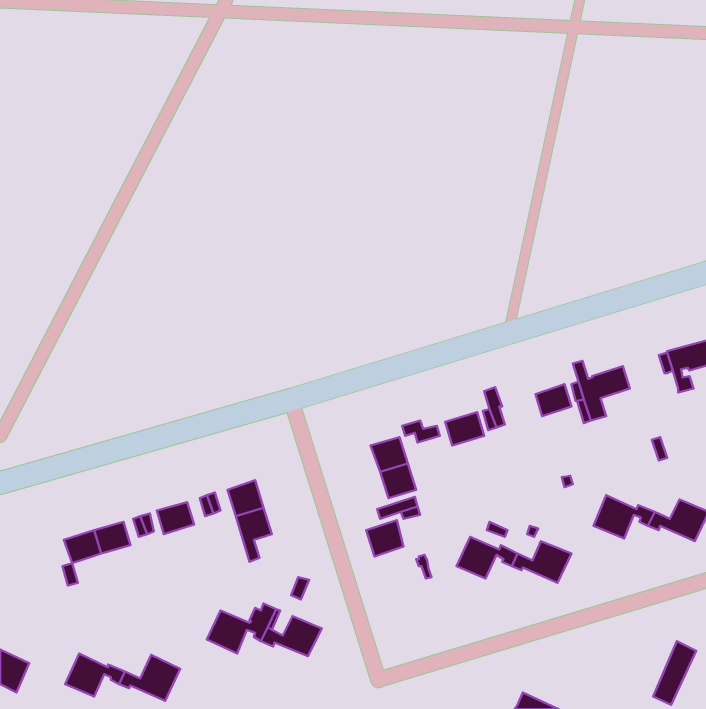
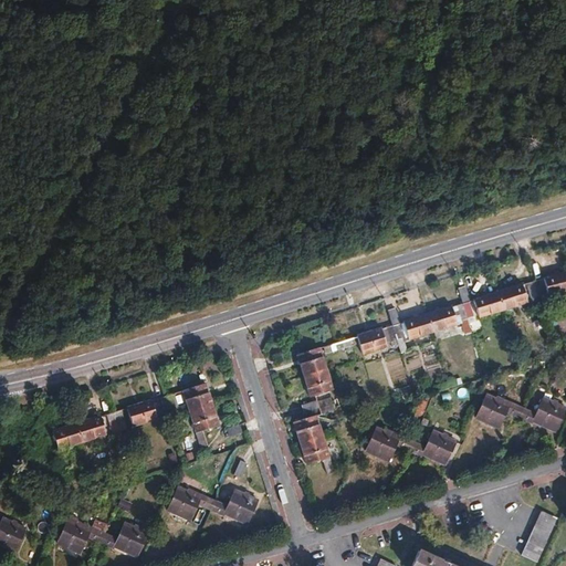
building: none -> [499,284,528,310]
building: none -> [403,314,434,339]
building: none -> [301,436,335,473]

